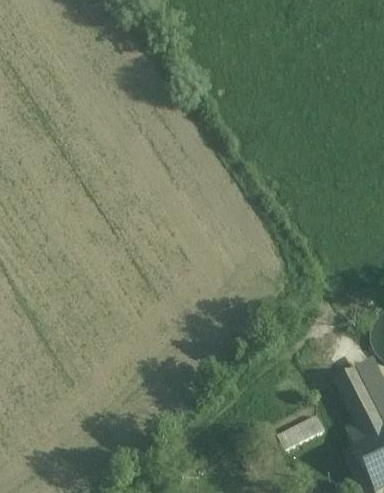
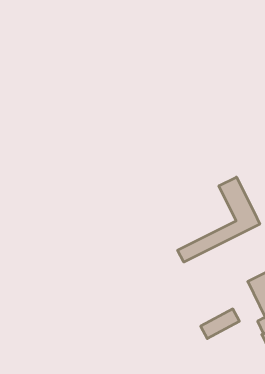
building: none -> [178,177,260,262]

